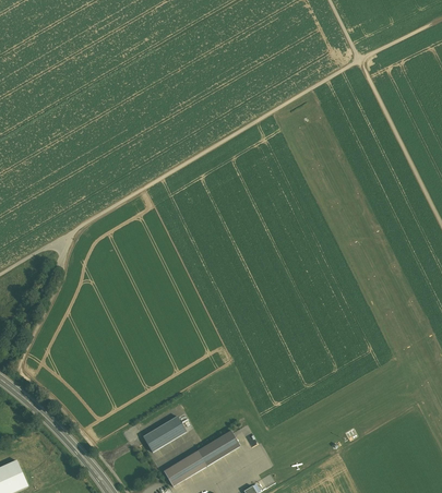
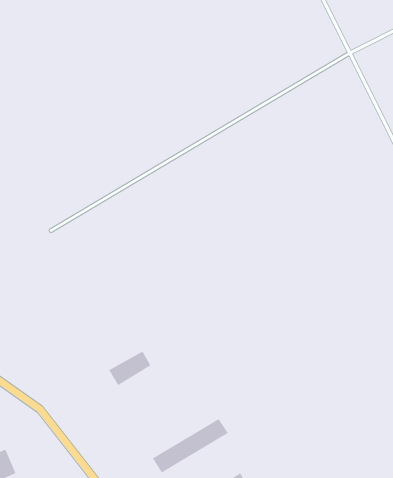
building: [142,416,186,452] -> [108,350,151,386]

